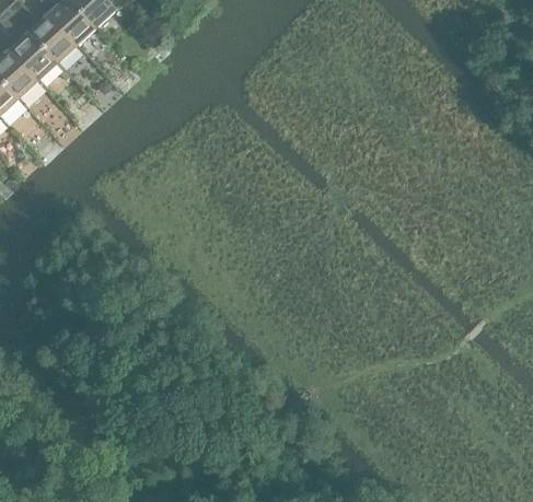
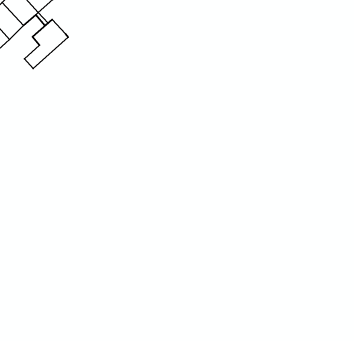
building: none -> [24,20,68,69]

